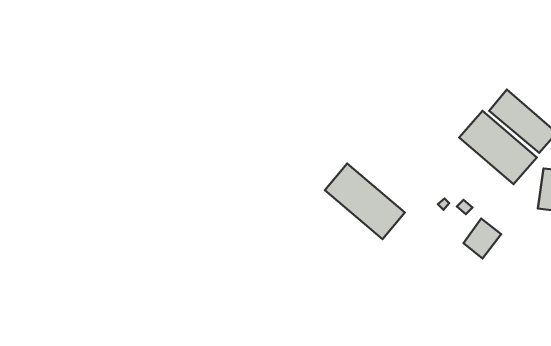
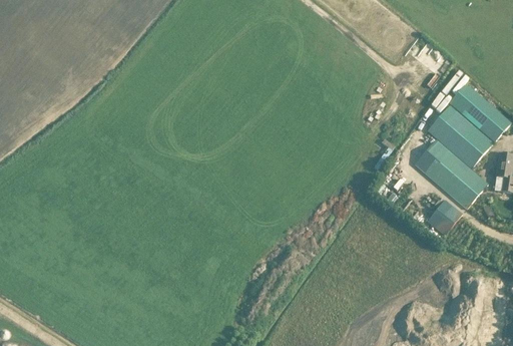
building: [325,164,405,239] -> [415,140,487,209]

